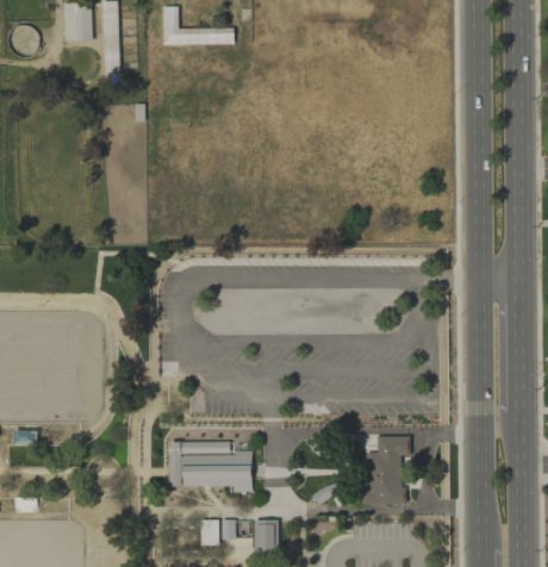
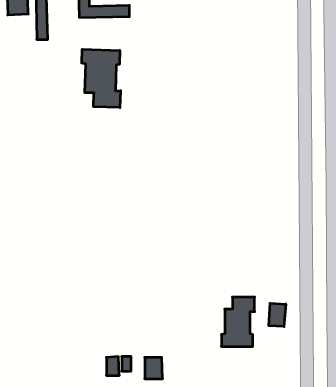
building: none -> [82,49,121,108]
building: [169,440,254,492] -> none
building: none -> [269,303,286,327]

